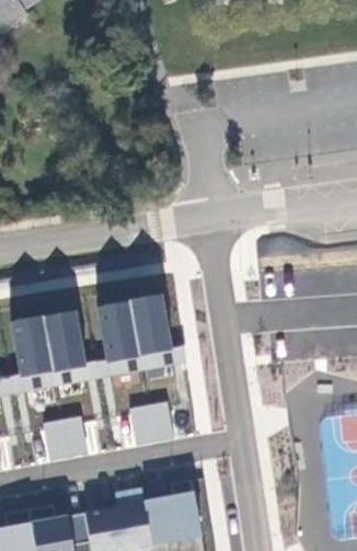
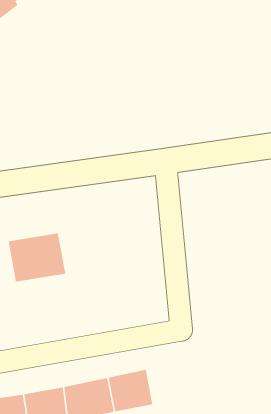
building: [95,296,172,361] -> none
building: [129,401,174,446] -> none
building: [43,416,88,460] -> none

